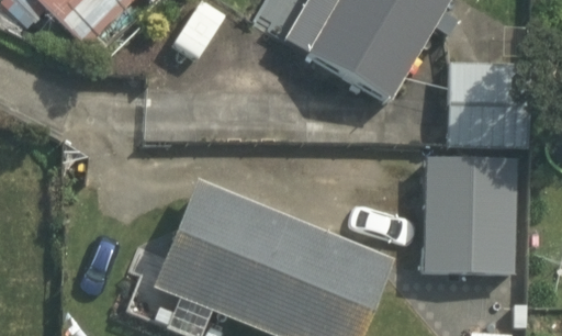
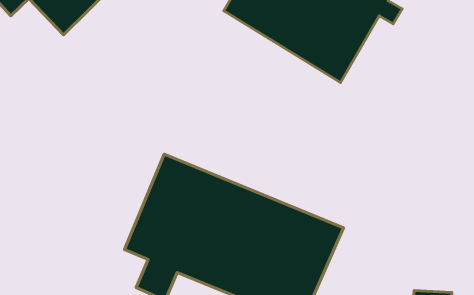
building: [448,61,532,148] -> none
building: [422,157,517,275] -> none

